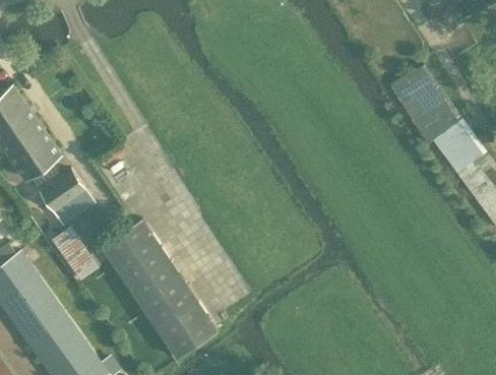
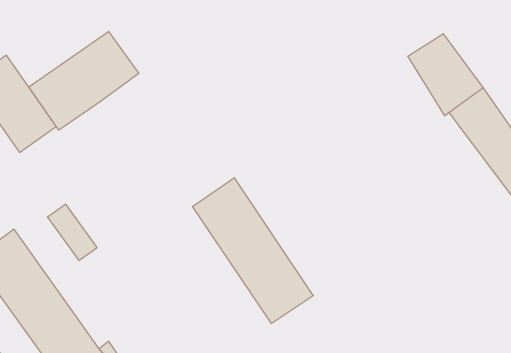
building: none -> [29,31,139,130]
building: [40,170,95,225] -> none
building: [103,220,216,357] -> [192,178,313,323]

